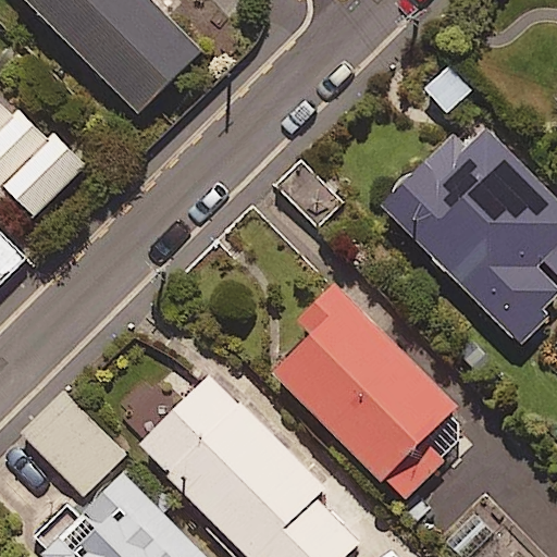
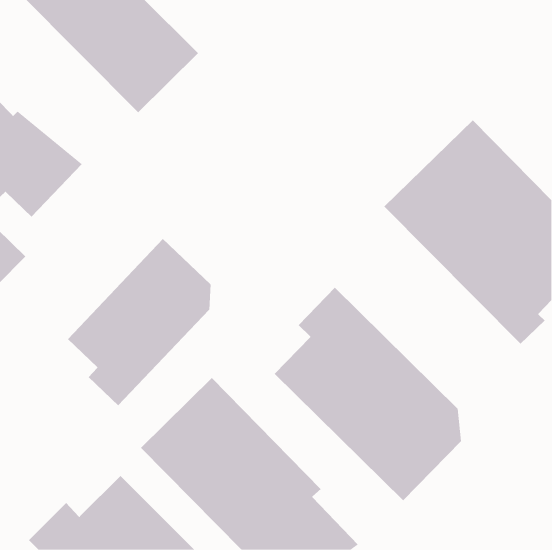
building: none -> [67,238,211,406]
building: [21,392,123,493] -> none

